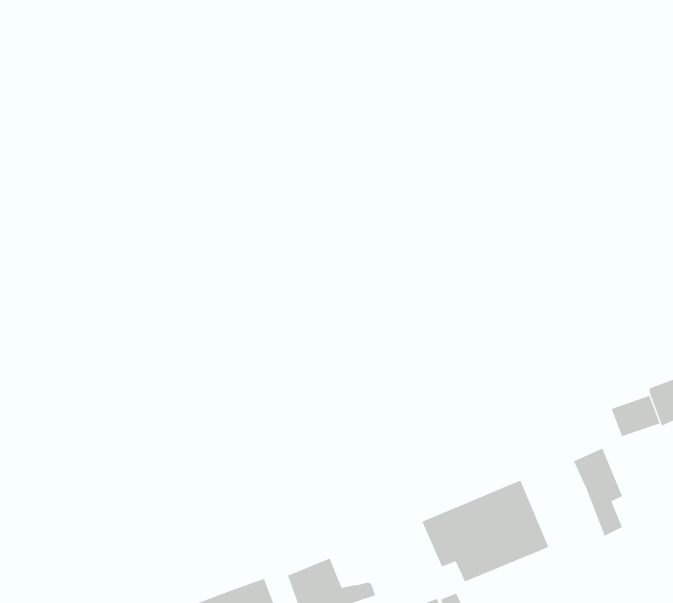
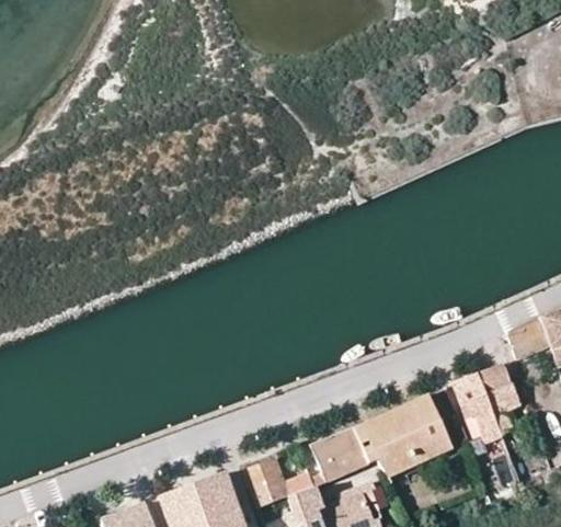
building: none -> [453,378,501,446]
building: none -> [310,427,368,488]

